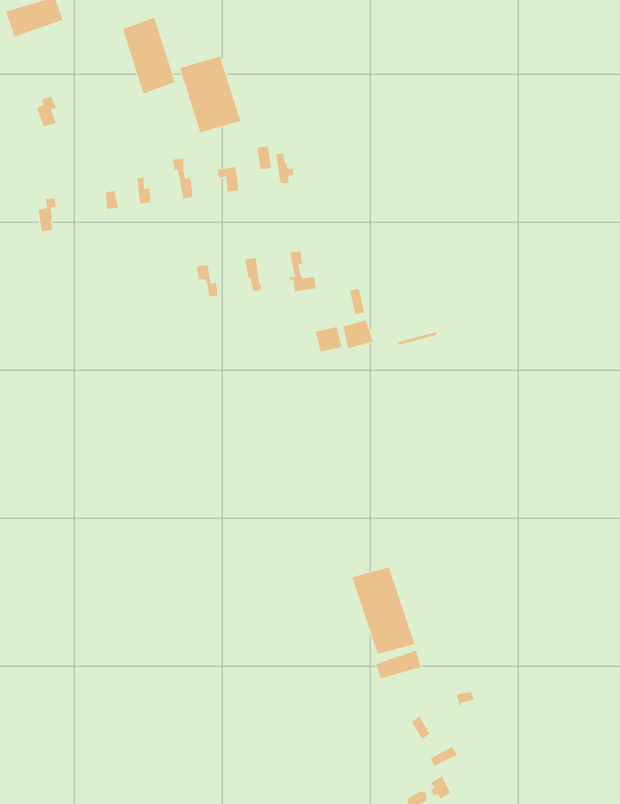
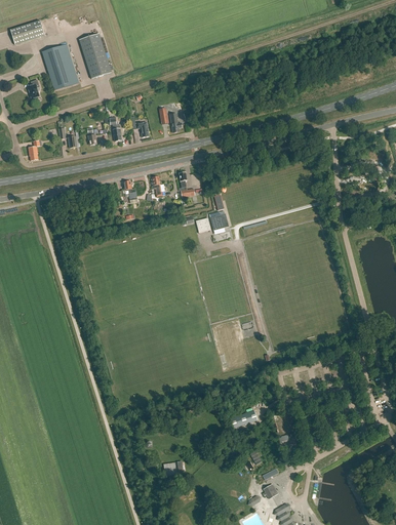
building: [179,56,241,133] -> [42,43,79,89]
building: [351,566,415,655] -> none

